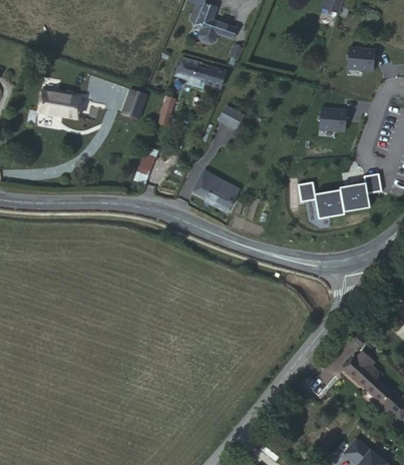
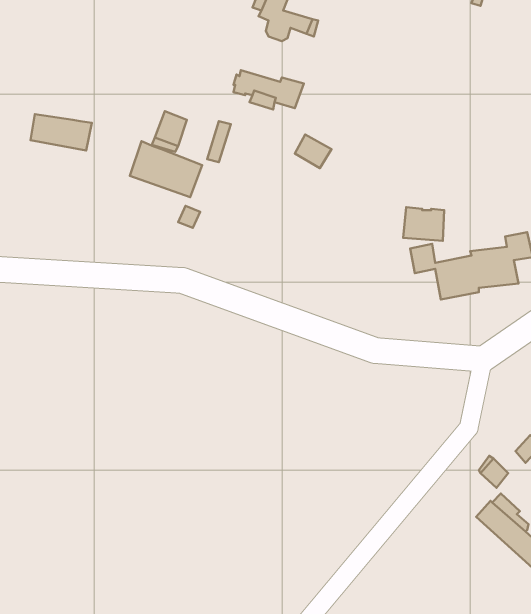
building: [347,47,375,70] -> none
building: [319,107,347,130] -> [403,207,444,241]
building: none -> [130,141,202,197]
building: [193,170,238,207] -> none

